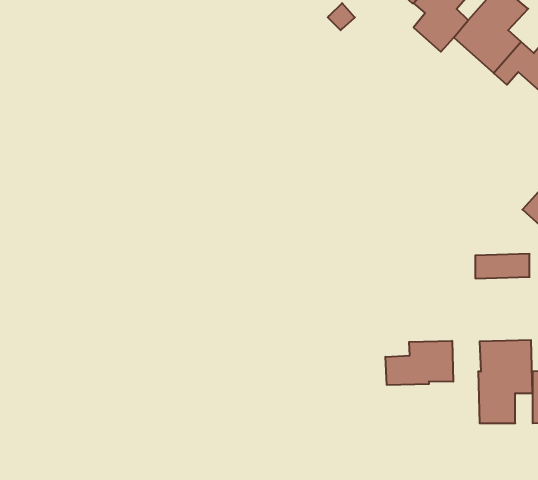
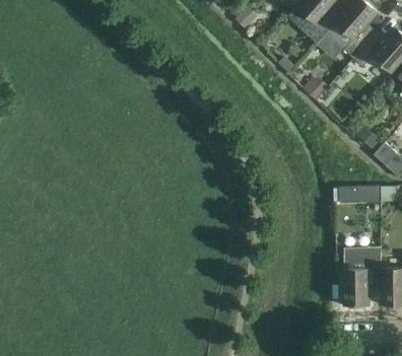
building: [385,341,453,385] -> none

